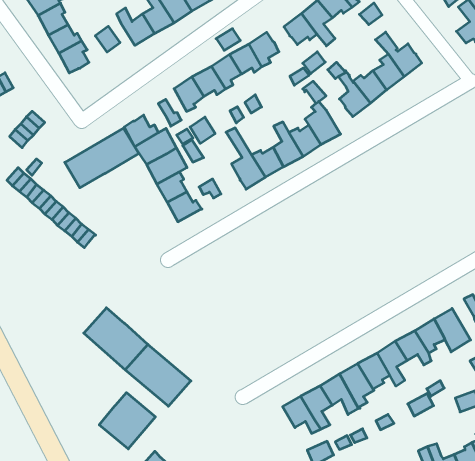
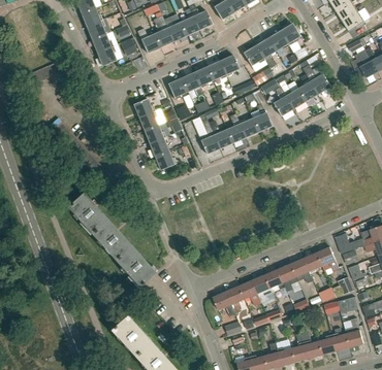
building: [65,128,139,188] -> none
building: none -> [66,192,107,233]
building: [99,393,155,449] -> none

